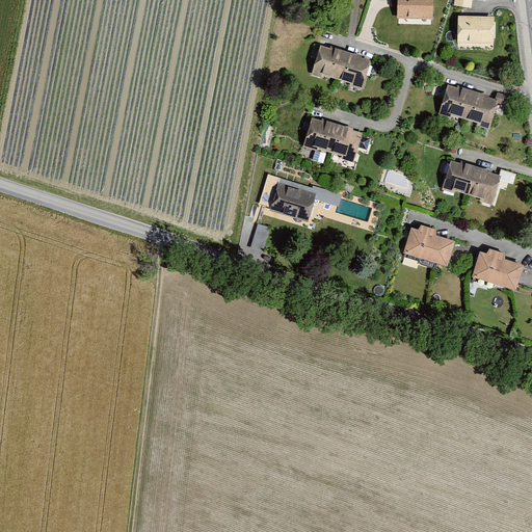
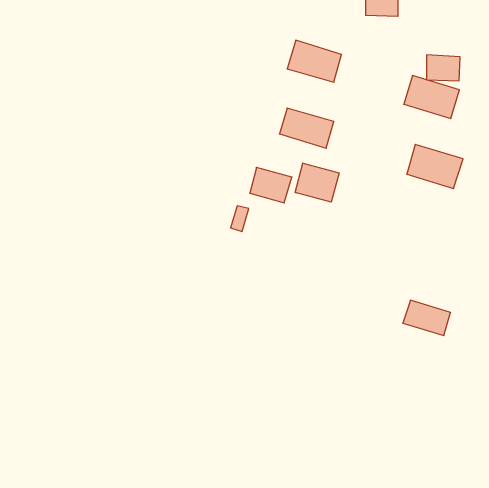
building: [457,15,494,43] -> [427,55,460,81]
building: none -> [295,163,339,202]
building: [404,228,455,265] -> none
building: [472,251,524,290] -> [403,300,451,336]

